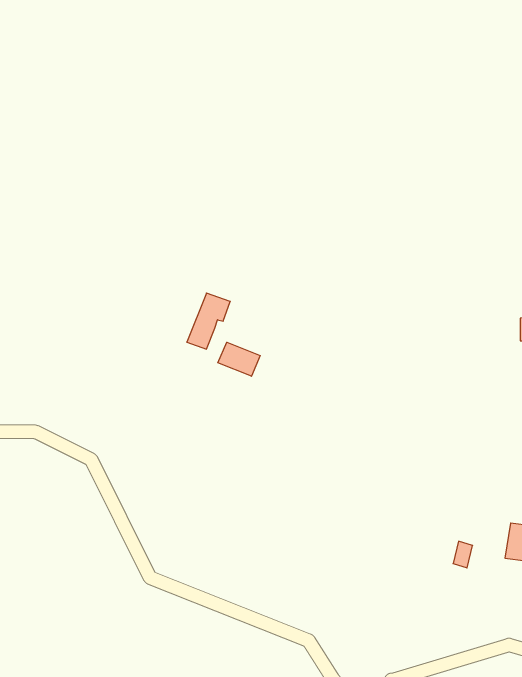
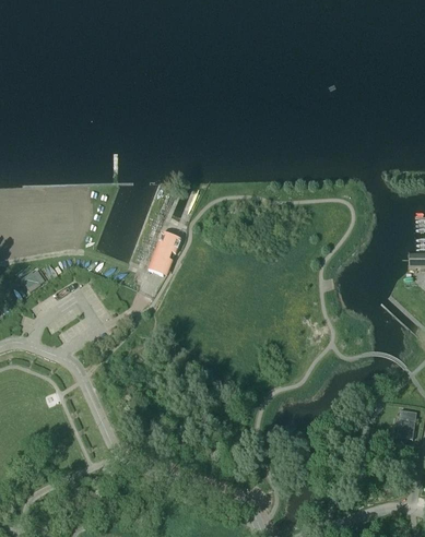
building: [218,342,260,376] -> none

